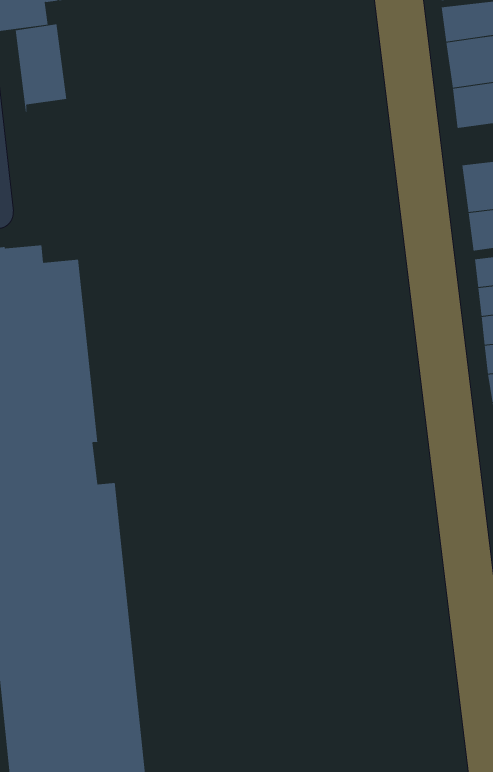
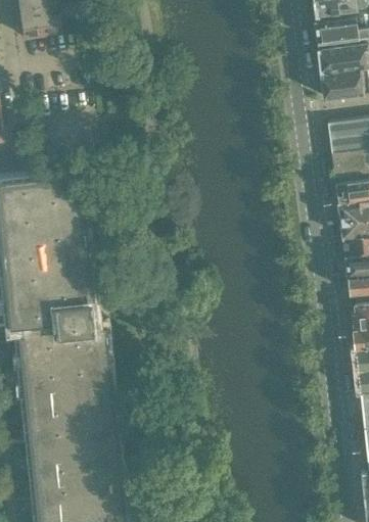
building: [15,23,67,113] -> none

